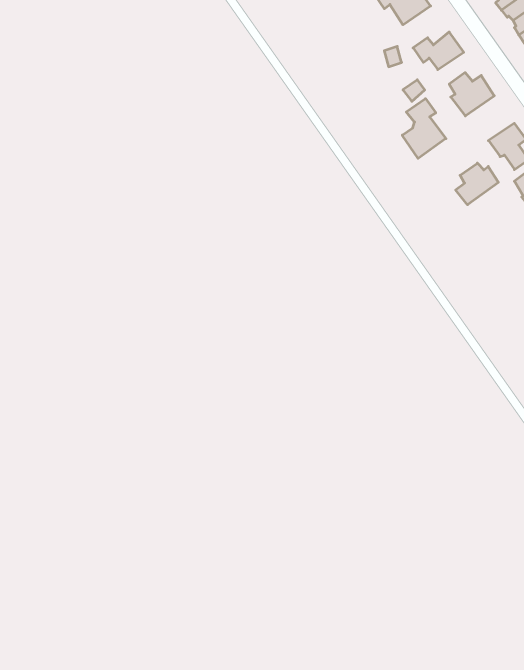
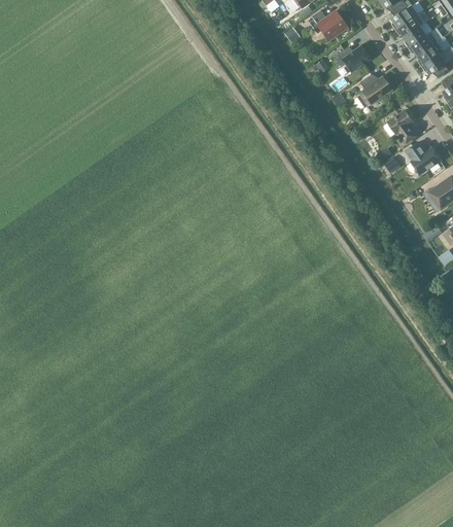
building: [402,99,446,158] -> none
building: [456,163,498,205] -> none

